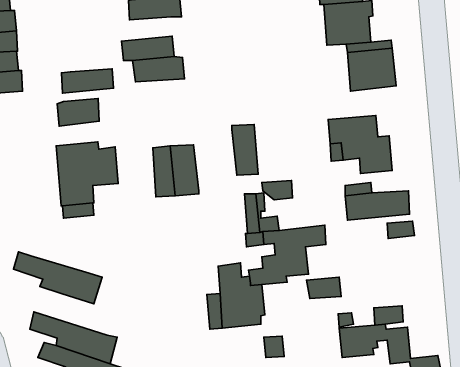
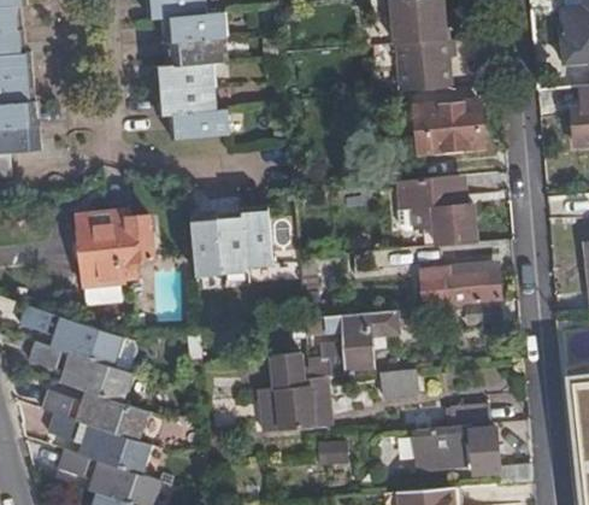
building: [61,69,113,93] -> [154,61,216,90]
building: [57,99,99,126] -> none
building: [232,124,258,175] -> [241,207,272,268]
building: none -> [17,303,122,364]
building: none -> [40,389,147,439]

